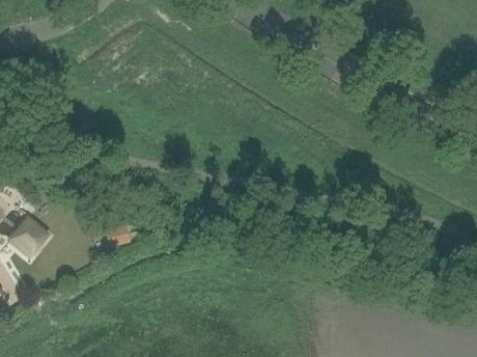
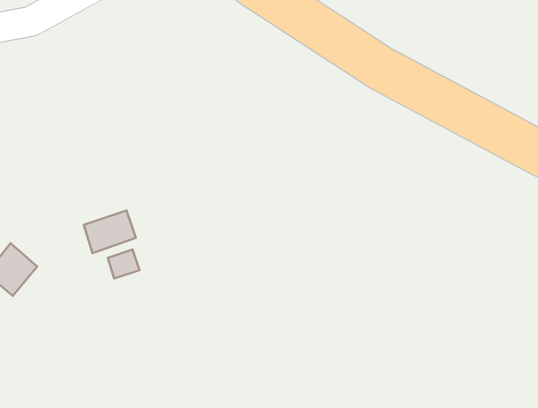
building: none -> [84,211,136,253]

